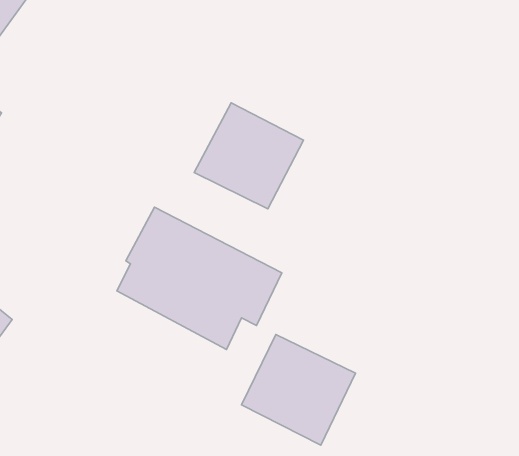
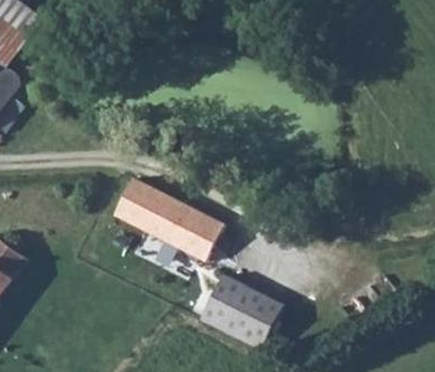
building: [194,103,303,209] -> none

